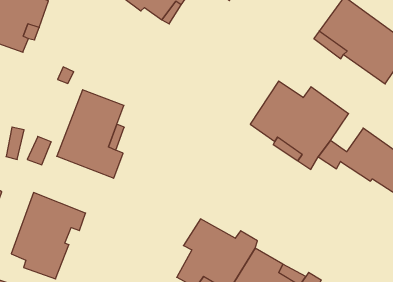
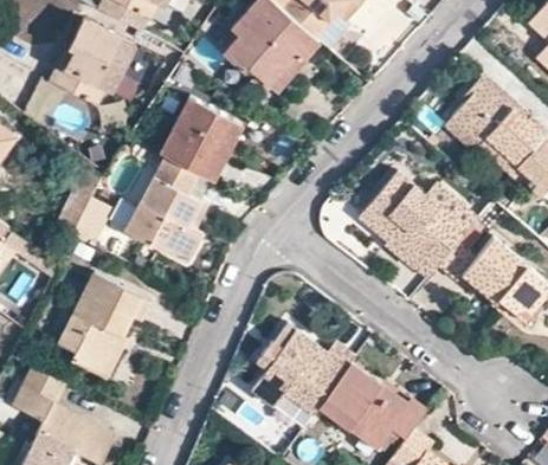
building: none -> [159,96,241,180]

